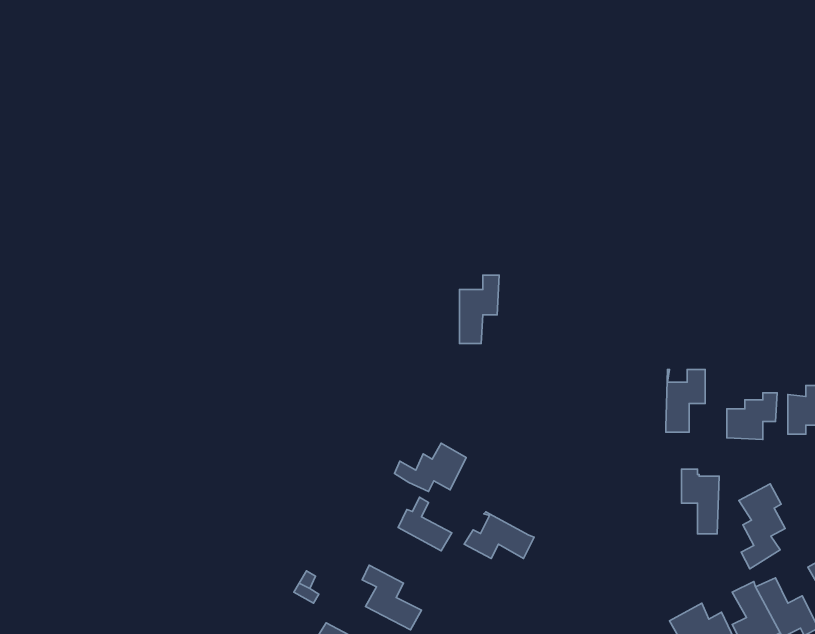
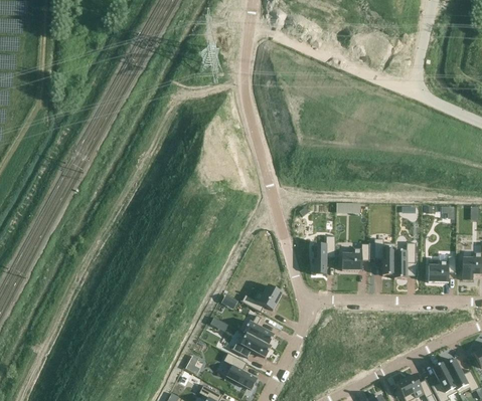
building: [460,275,499,344] -> [312,236,334,274]
building: none -> [340,244,368,270]
building: [681,469,719,534] -> [372,239,393,275]
building: [739,484,785,569] -> none
building: [464,512,534,559] -> [230,332,270,358]

